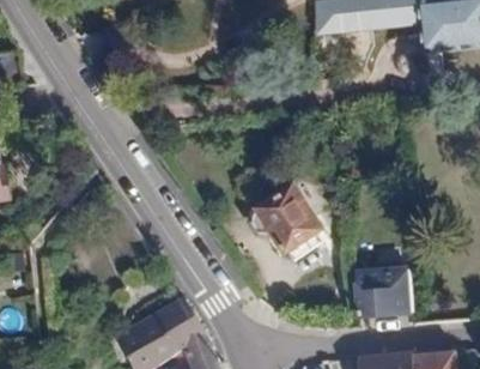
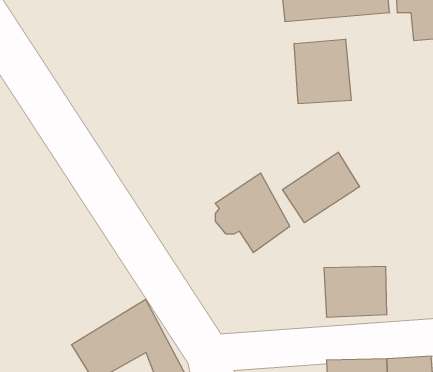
building: none -> [294,39,351,104]
building: none -> [283,152,360,223]

